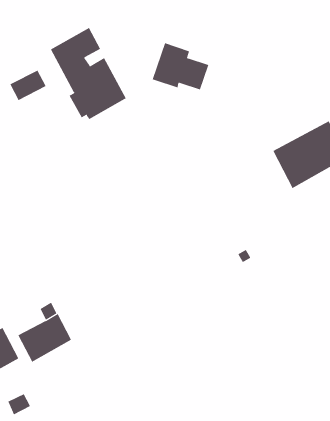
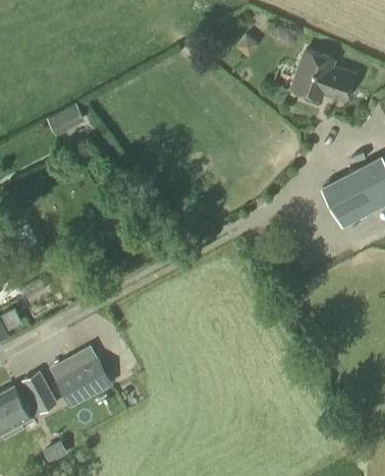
building: [50,27,126,120] -> none
building: [152,42,209,90] -> [292,51,352,101]

